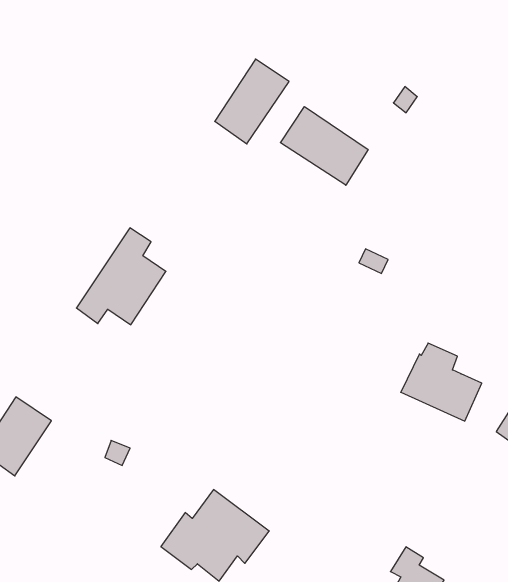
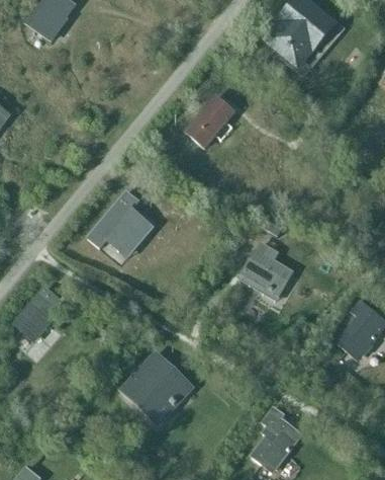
building: [280,107,368,185] -> none
building: [401,343,482,421] -> [242,243,292,294]

